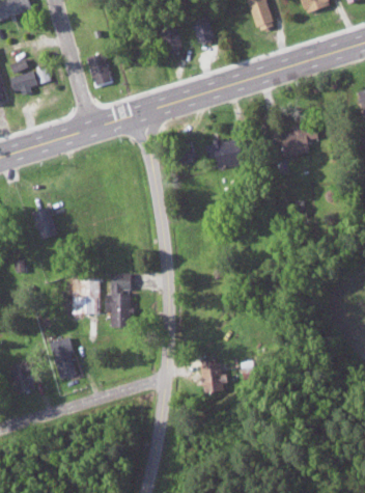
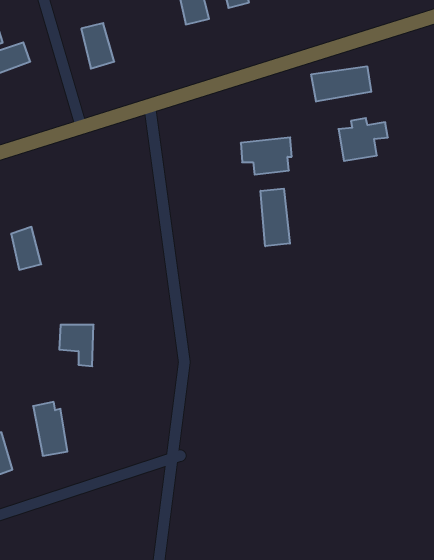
building: none -> [311,66,371,102]
building: none -> [261,189,290,246]
building: [105,273,133,328] -> none
building: [200,363,225,392] -> none

